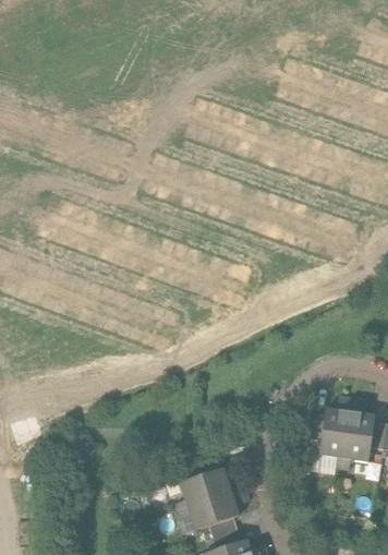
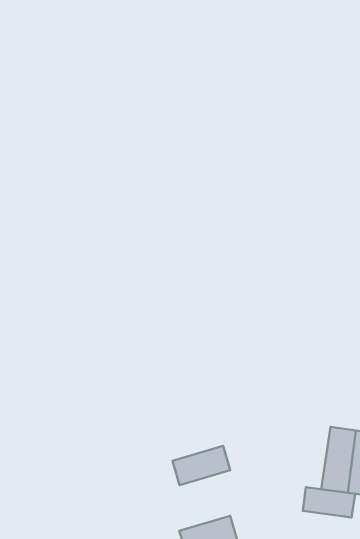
building: none -> [303,487,355,517]
building: [175,468,230,505] -> [172,446,230,485]

